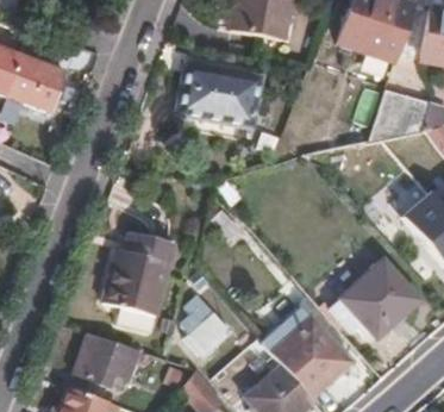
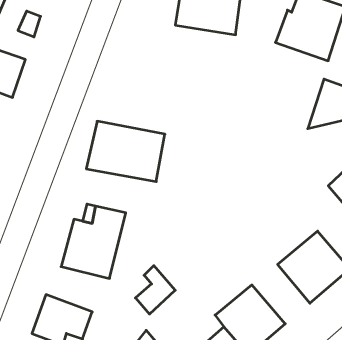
building: [171,64,258,131] -> [86,121,165,182]

